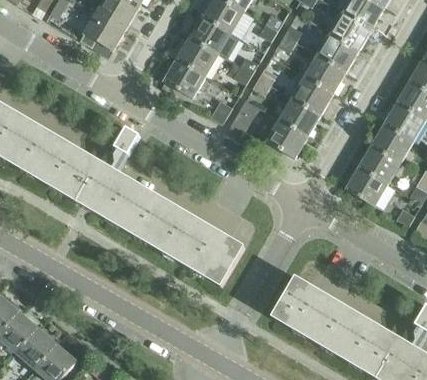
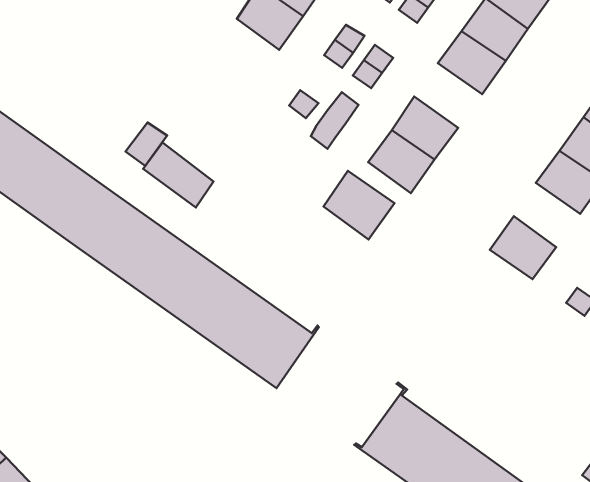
building: [165,58,206,96] -> none
building: [292,75,334,114] -> none
building: none -> [143,142,214,207]
building: [360,144,401,183] -> none
building: none -> [323,171,394,240]

